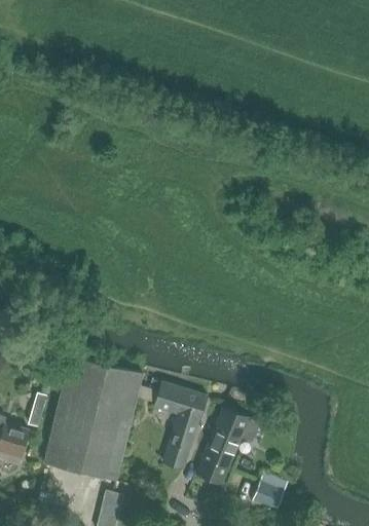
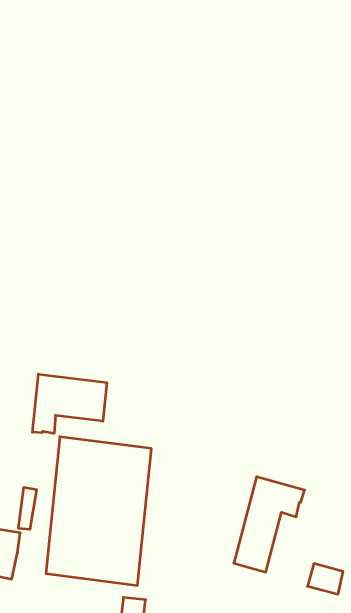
building: none -> [32,374,107,433]
building: [148,379,207,468] -> none

